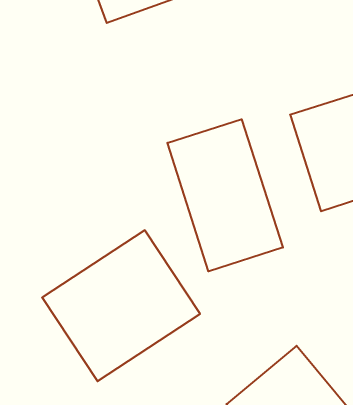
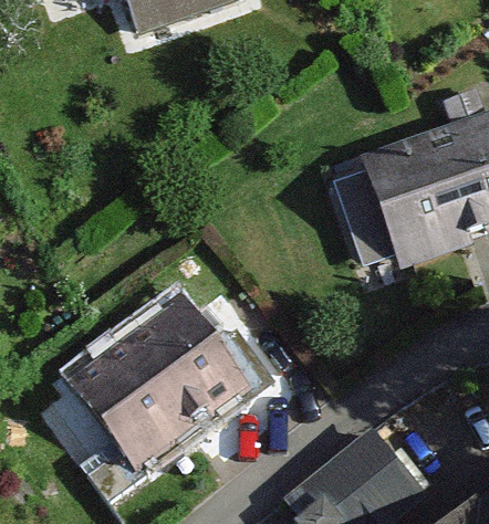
building: [167,119,283,271] -> none

